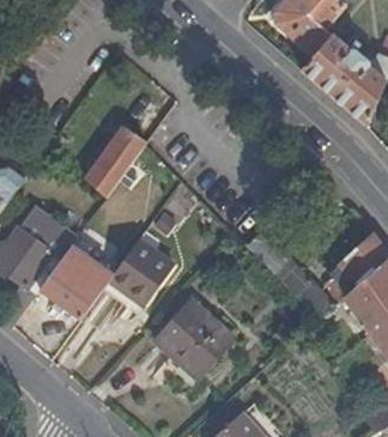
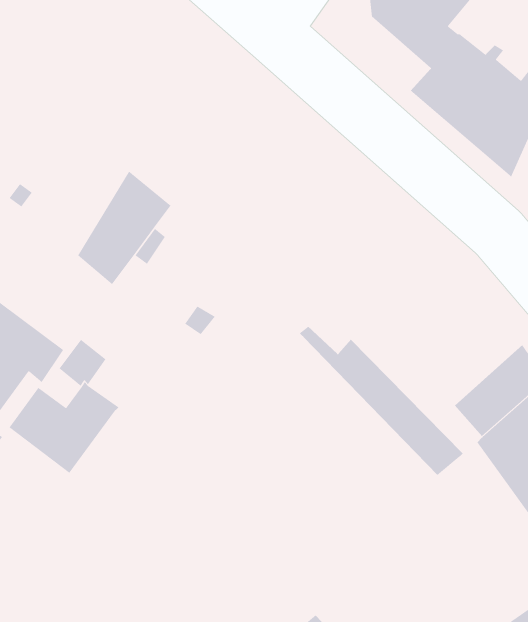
building: [109,237,174,303] -> none
building: [154,299,235,378] -> none

